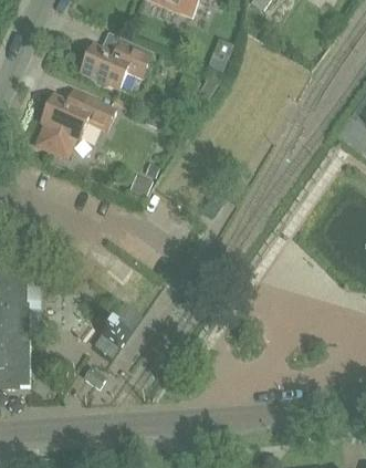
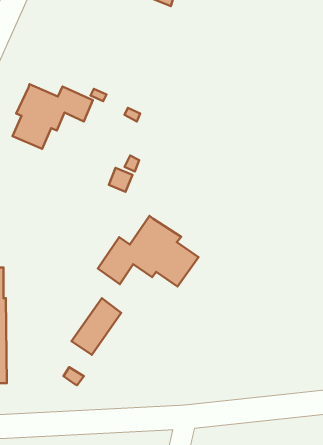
building: [81,42,150,85] -> none
building: none -> [98,216,199,286]

